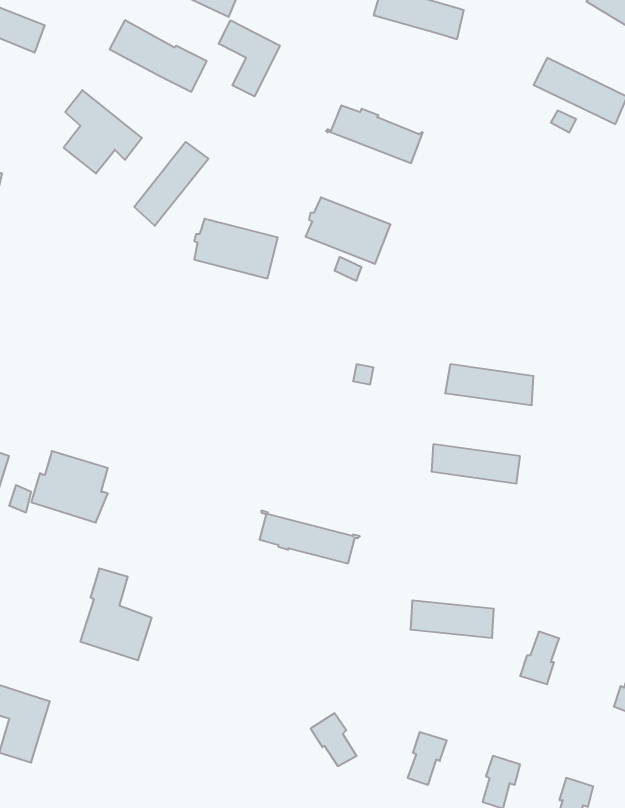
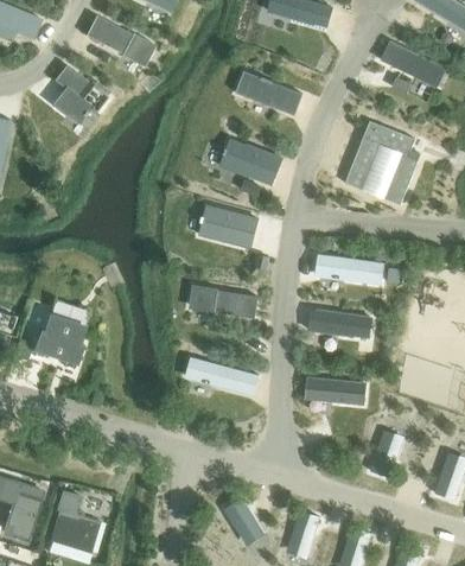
building: [219,20,280,96] -> none
building: [134,142,208,226] -> none
building: none -> [345,120,419,204]
building: [194,219,278,278] -> [200,205,259,247]
building: none -> [193,284,259,318]
building: [80,568,152,660] -> [50,488,100,552]
building: [410,600,494,638] -> [307,377,365,403]

